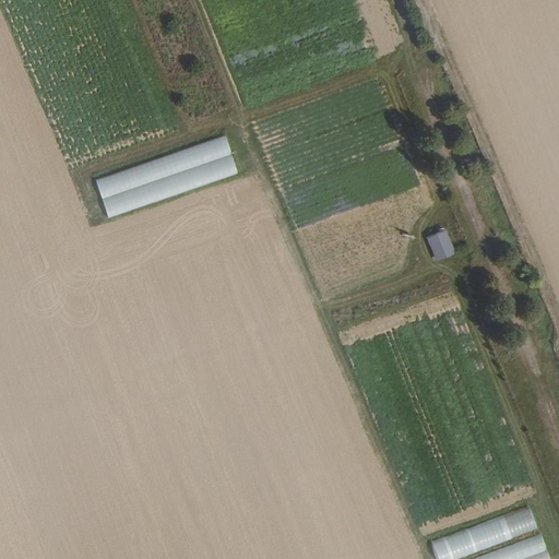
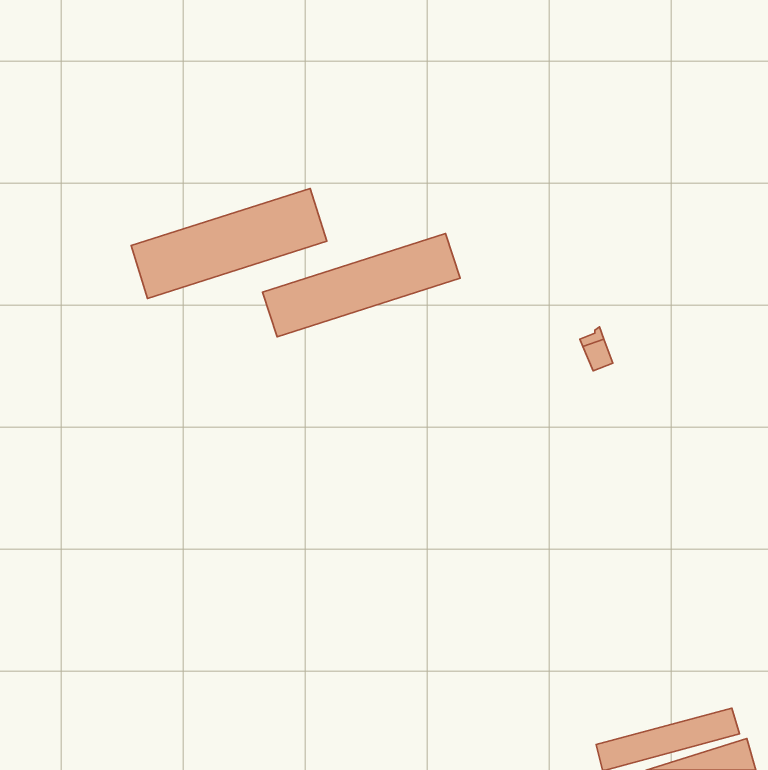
building: none -> [263,234,460,337]

